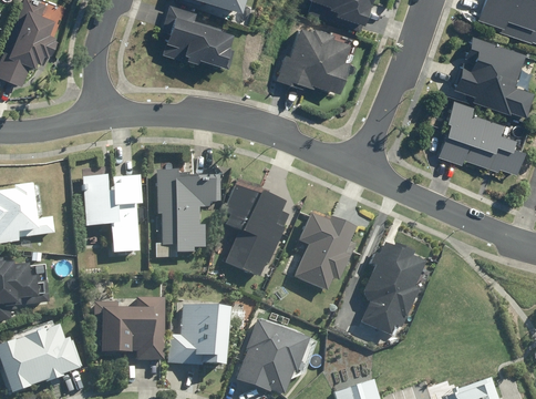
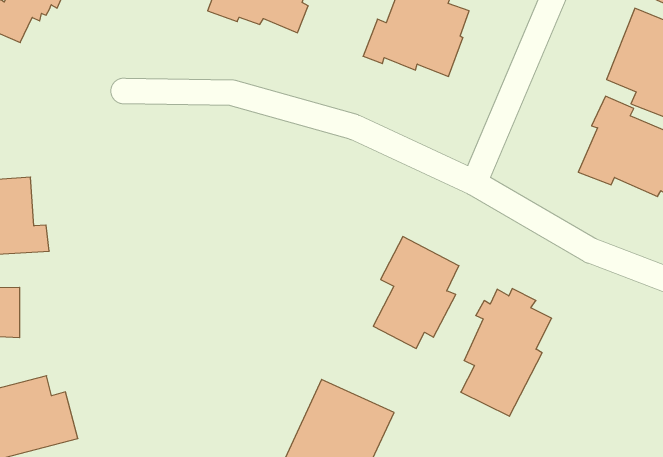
building: [158,174,215,250] -> none
building: [84,177,142,249] -> none
building: [224,190,285,273] -> none
building: [95,296,162,358] -> none
building: [167,305,221,362] -> none

